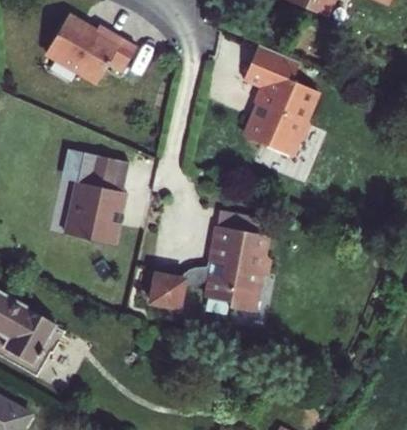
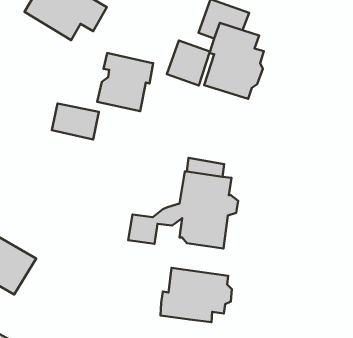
building: none -> [167,41,210,86]
building: [64,184,125,247] -> [97,53,153,111]
building: none -> [160,268,232,322]

